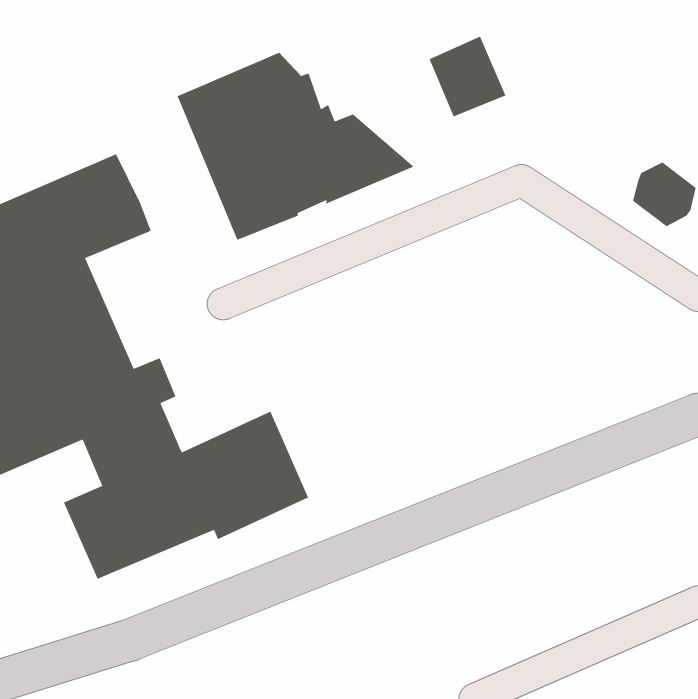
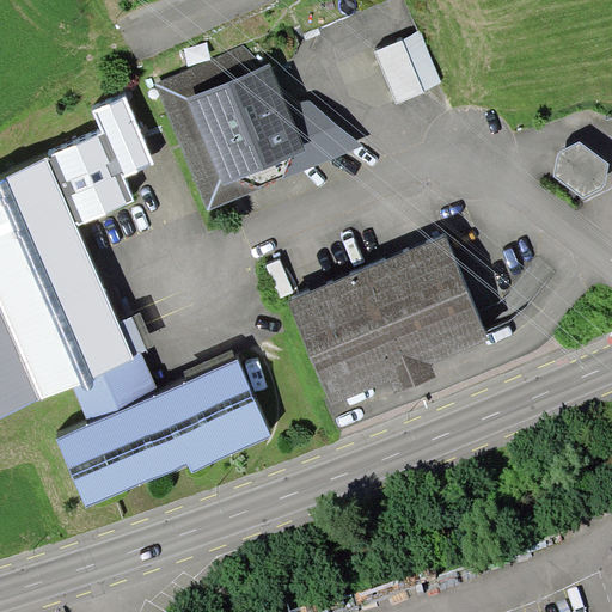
building: none -> [91,94,154,177]
building: none -> [287,235,488,405]

